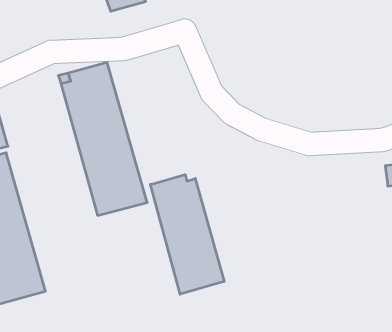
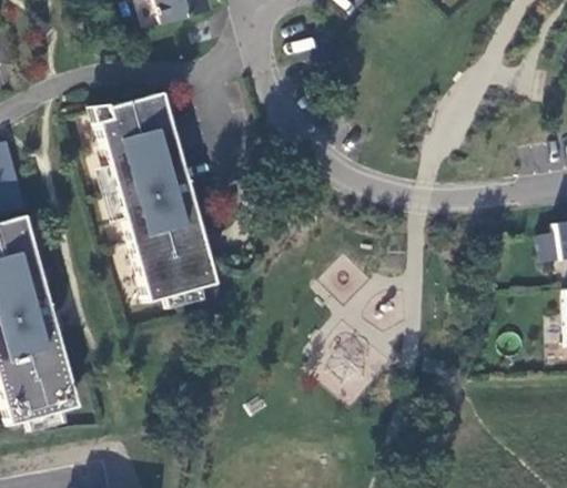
building: [150,175,224,294] -> none

